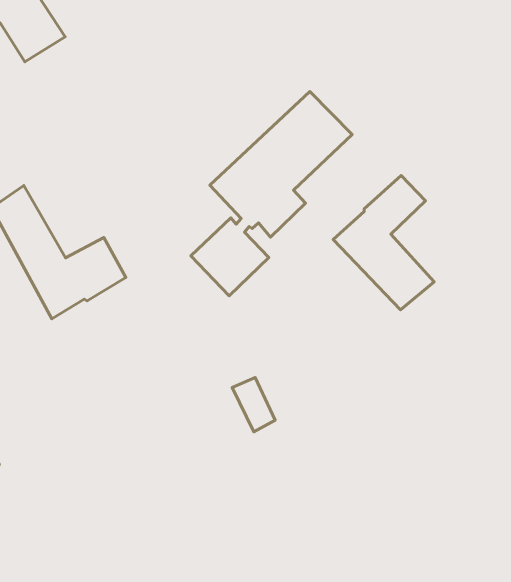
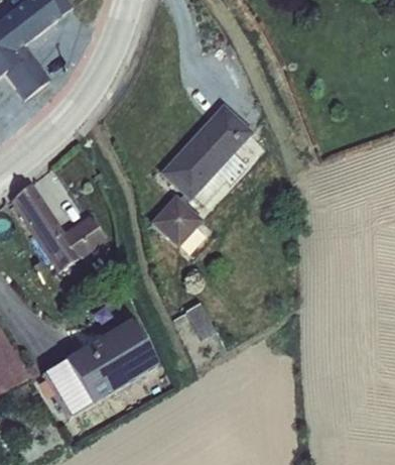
building: [333,175,434,310] -> none
building: none -> [43,319,158,416]

